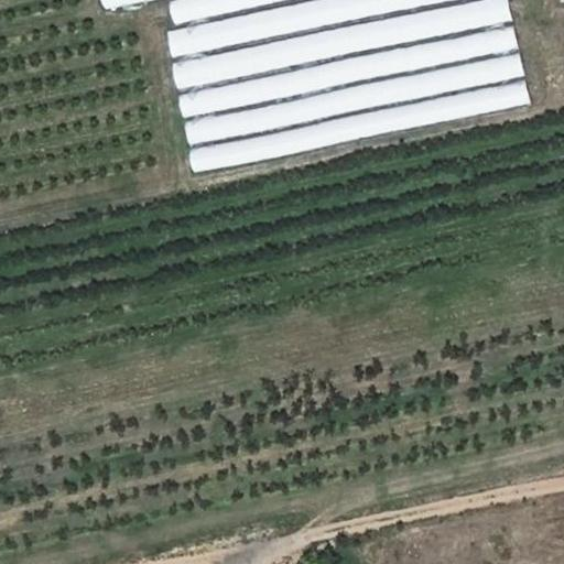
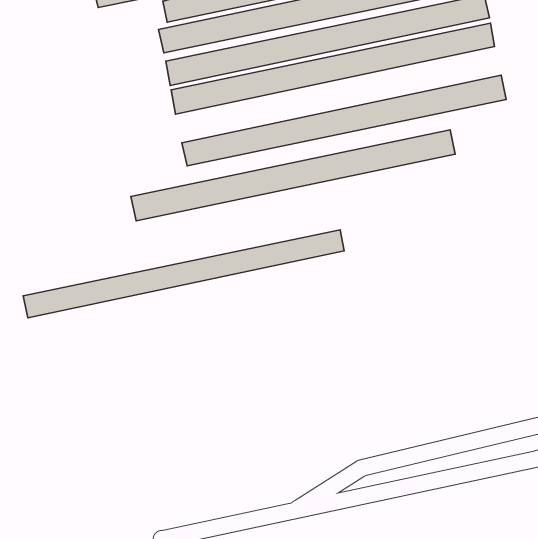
building: [184,52,522,147] -> [131,130,455,221]
building: none -> [23,230,344,318]

